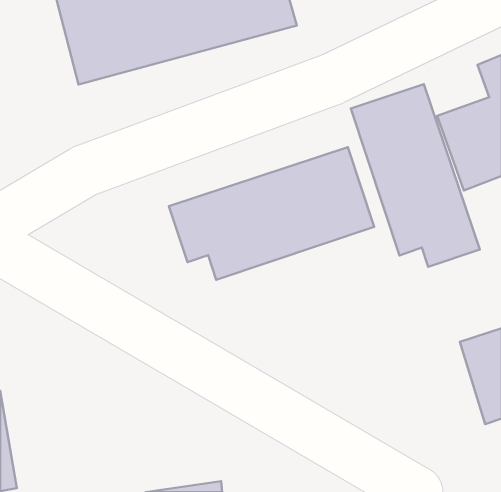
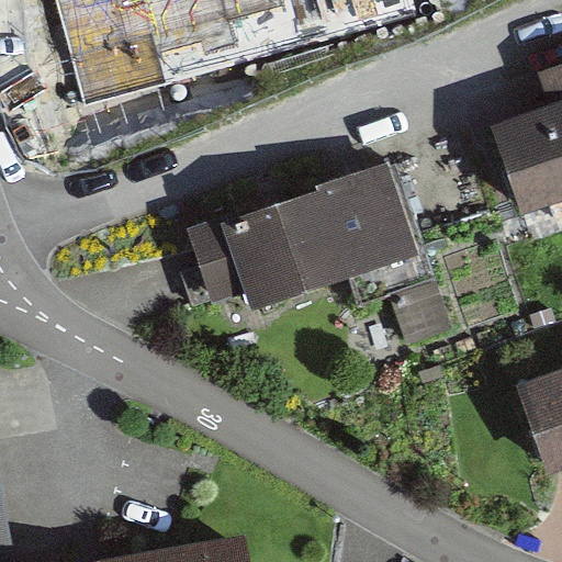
building: [351,84,480,267] -> none

